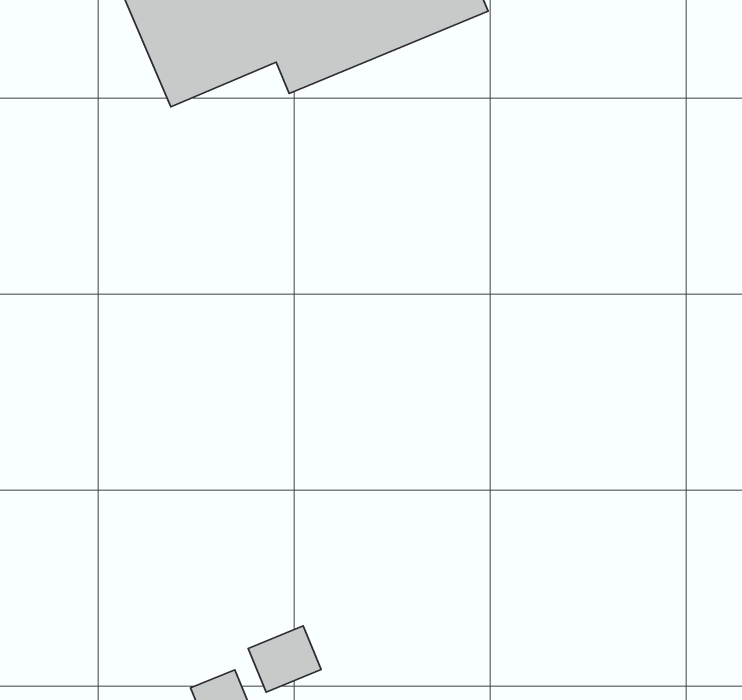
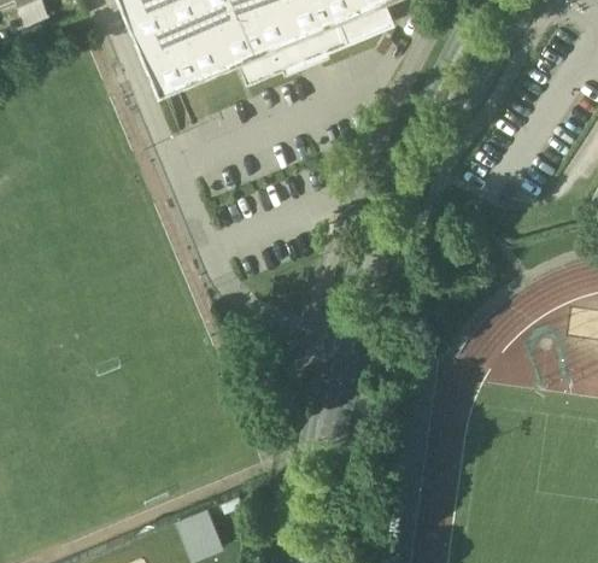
building: [248,626,321,692] -> none

